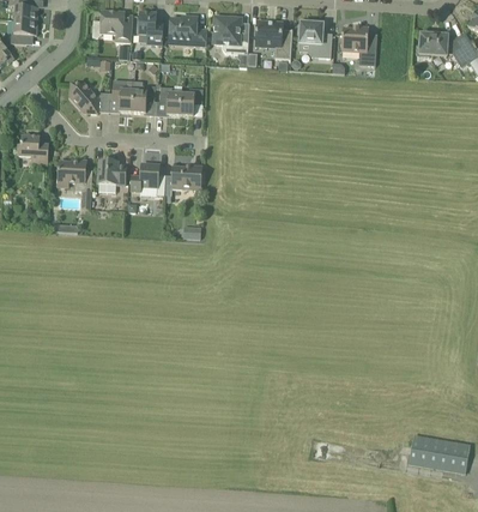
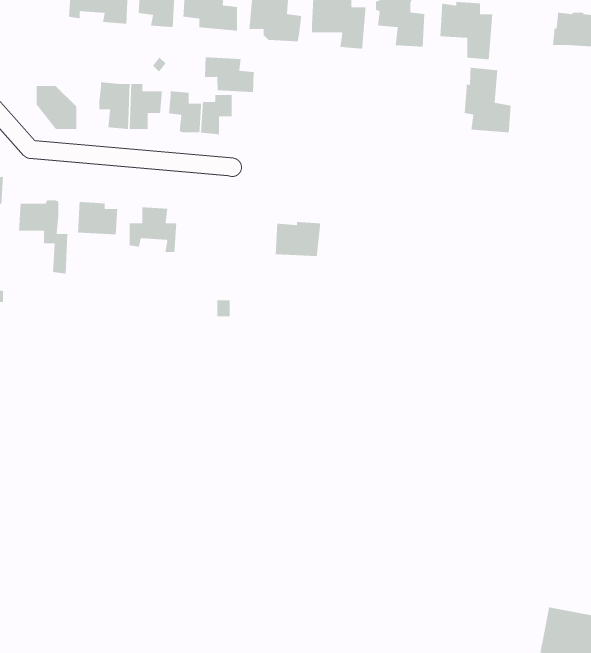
building: none -> [204,57,254,93]
building: none -> [464,67,512,133]
building: [171,164,202,188] -> [275,221,321,257]

